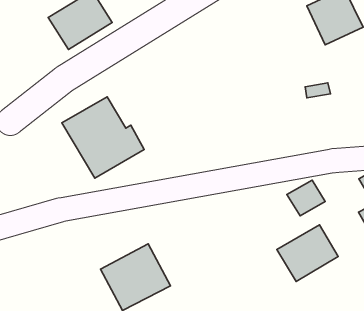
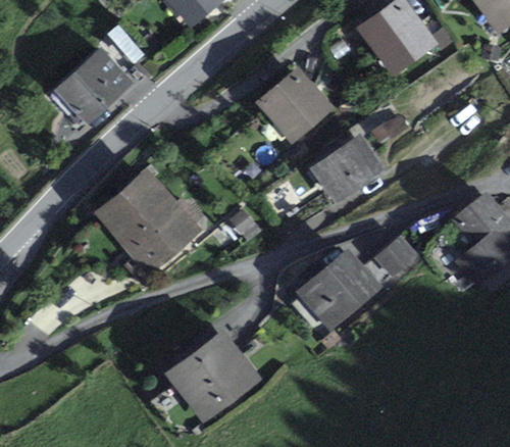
building: none -> [258,69,327,140]
building: none -> [309,136,385,208]
building: [277,225,338,281] -> [300,254,372,325]

